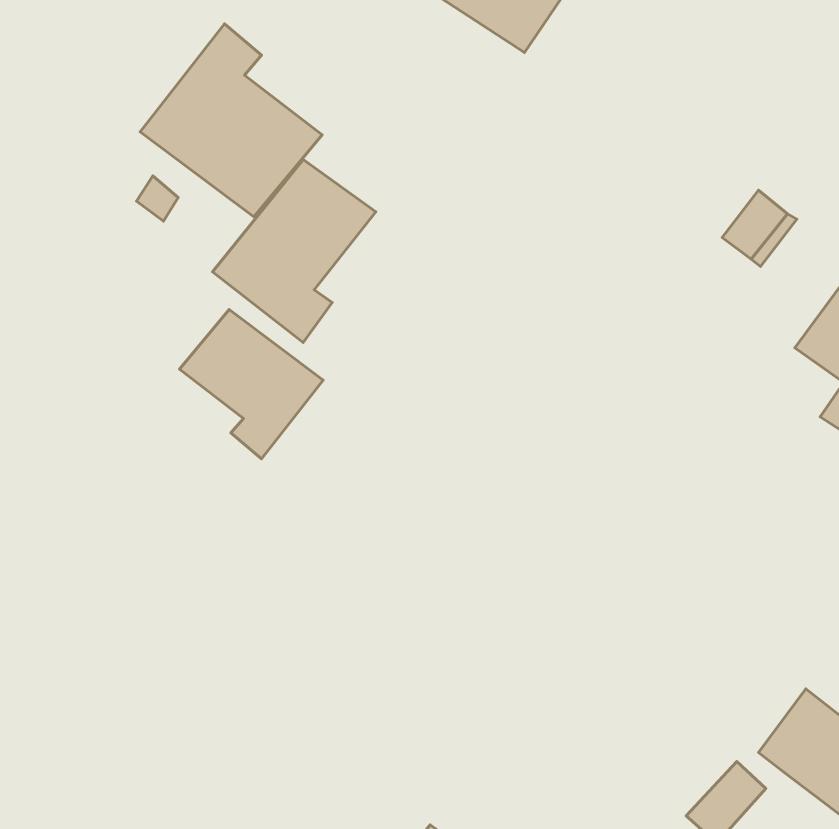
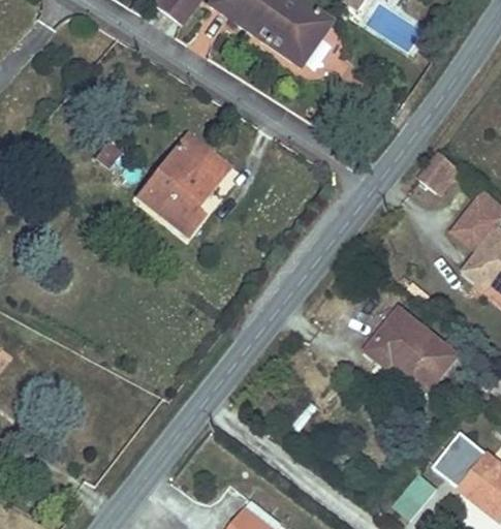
building: [140,24,322,217] -> none
building: [179,310,323,459] -> none
building: none -> [369,316,459,397]

